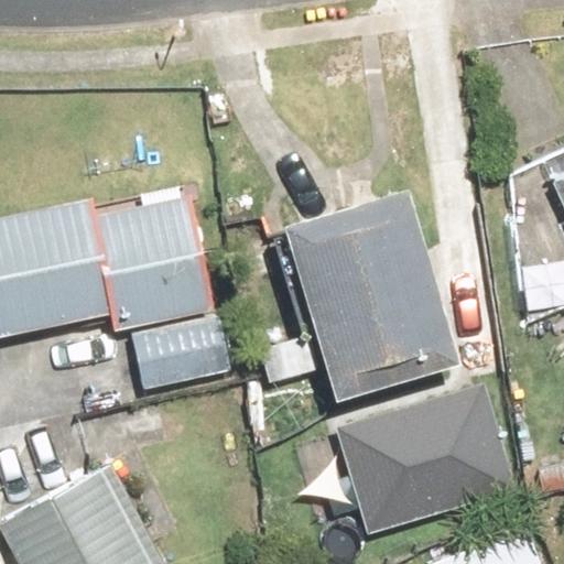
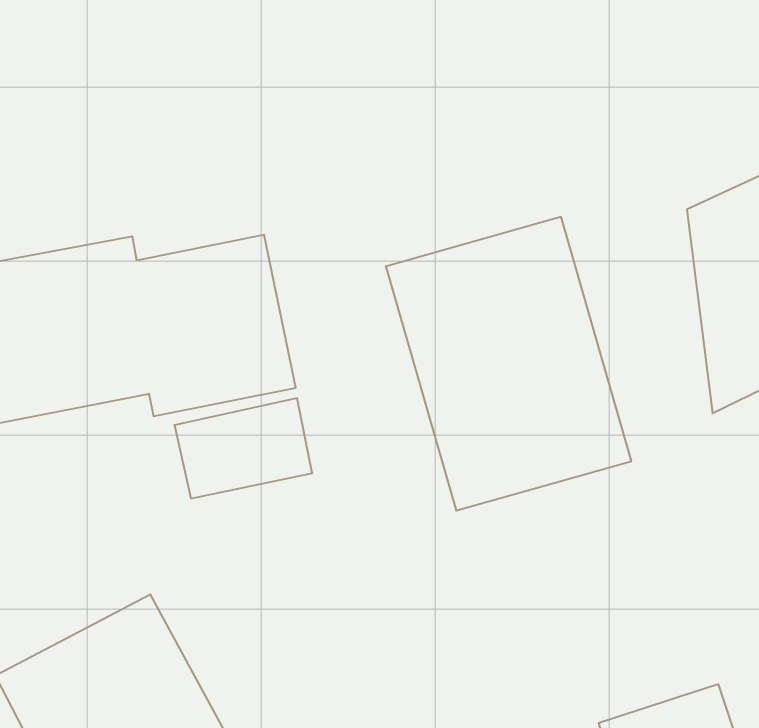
building: [334,380,511,530] -> none

